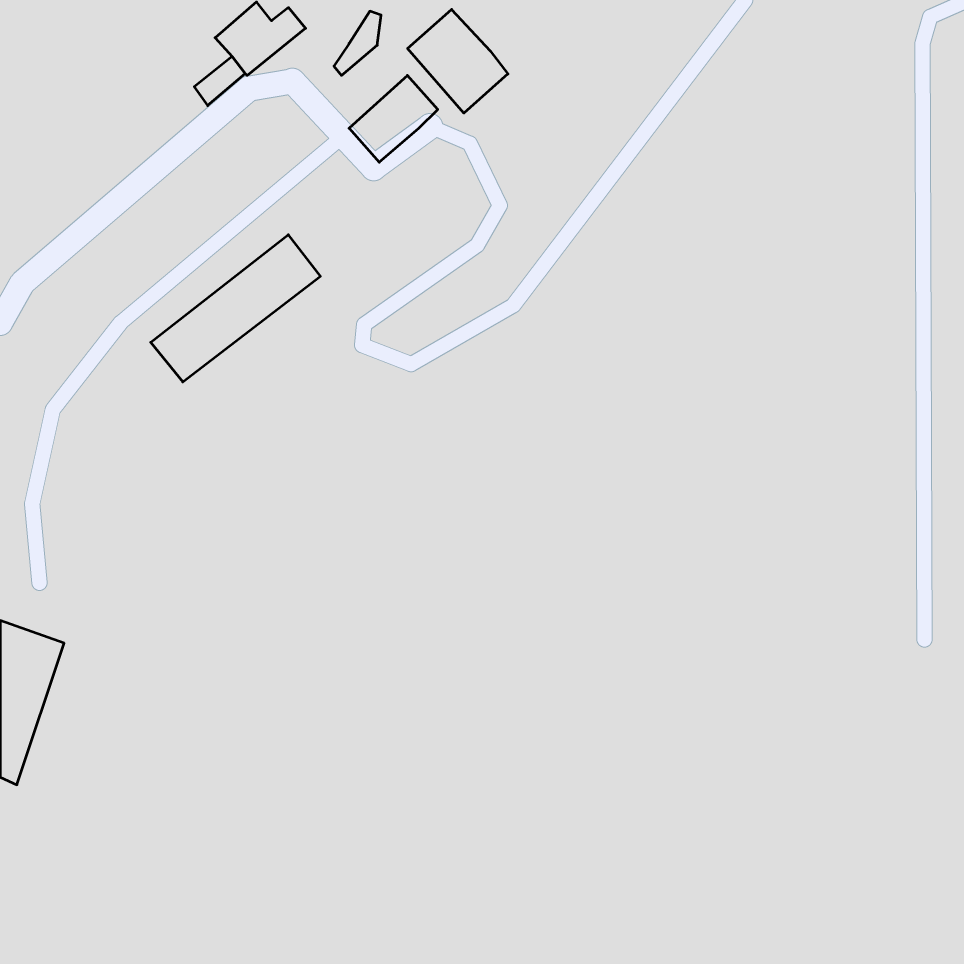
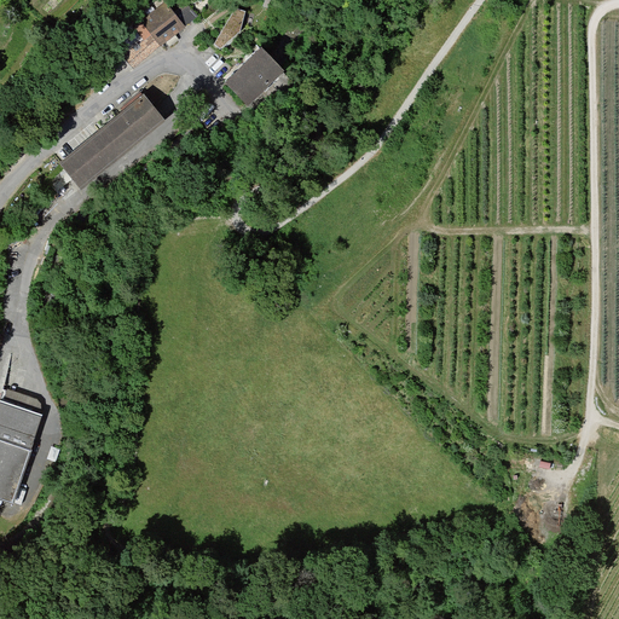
building: [408,9,508,113] -> none
building: [151,235,320,382] -> [57,94,166,189]

